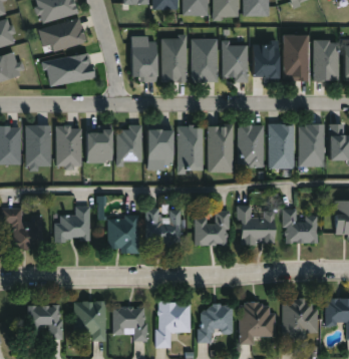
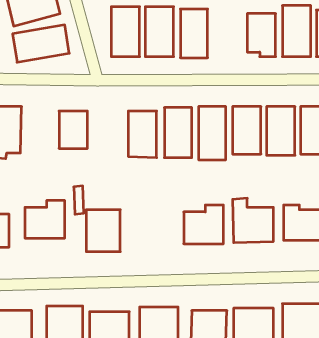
building: [223,44,247,80] -> none
building: [56,125,82,166] -> none
building: [117,125,142,162] -> none
building: [147,211,182,245] -> none

